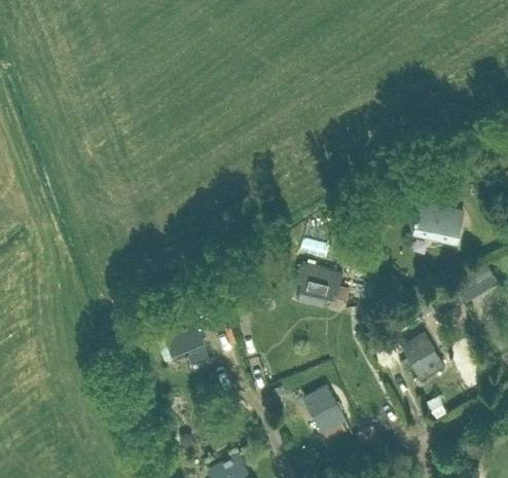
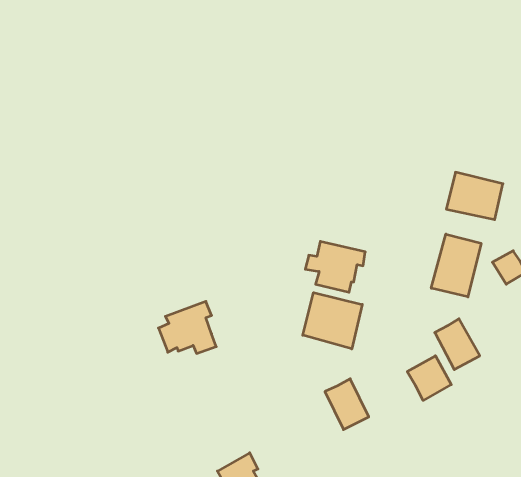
building: none -> [431,234,481,297]
building: none -> [303,293,362,349]
building: none -> [407,356,451,400]

